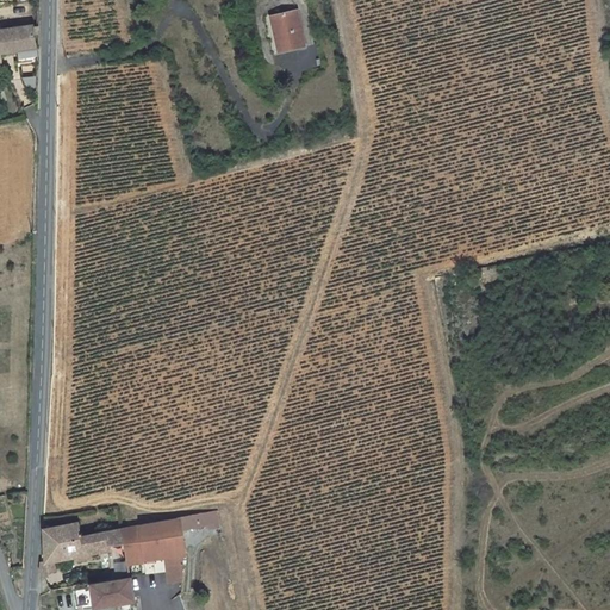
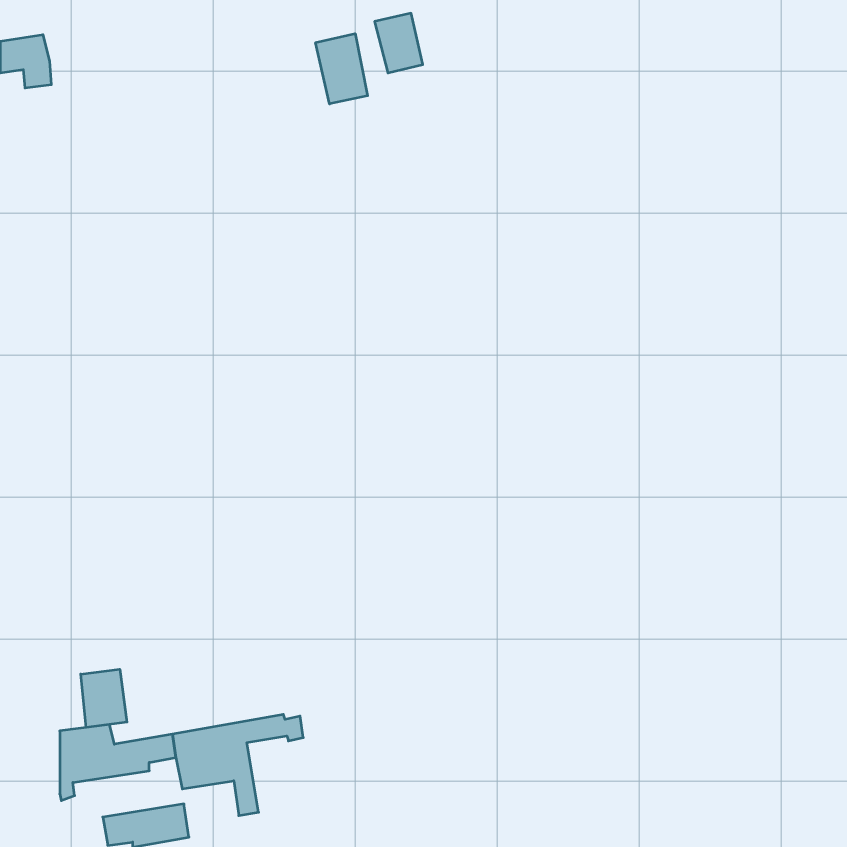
building: none -> [316,34,368,104]
building: none -> [81,669,127,727]

